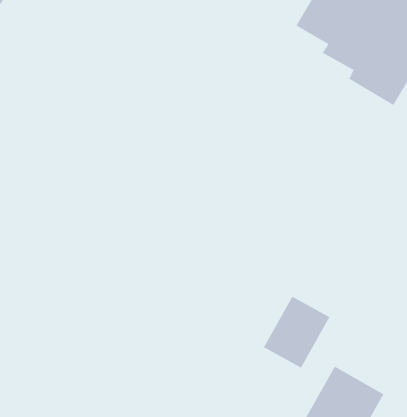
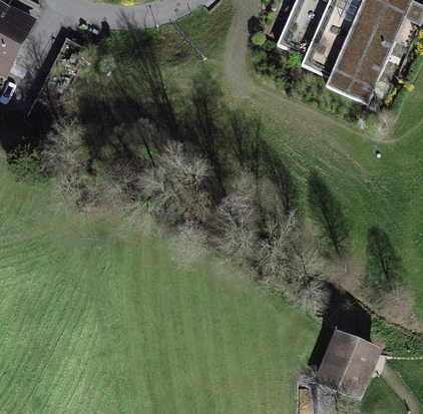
building: [263,296,330,369] -> none

